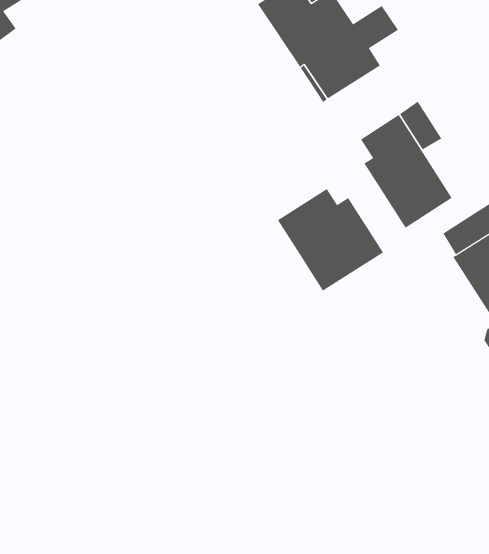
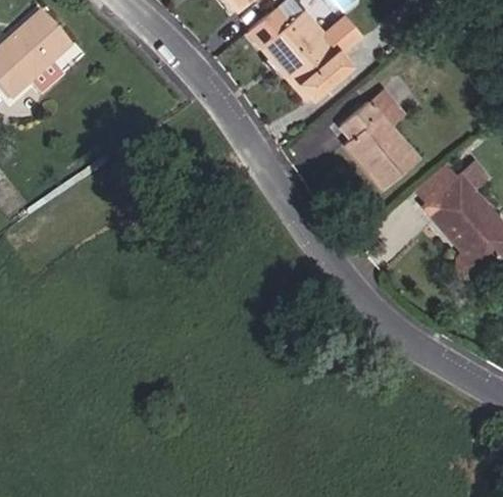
building: [277,188,384,292] -> none

